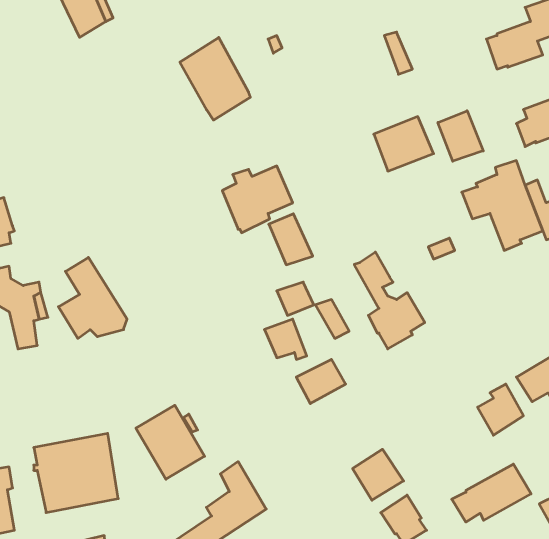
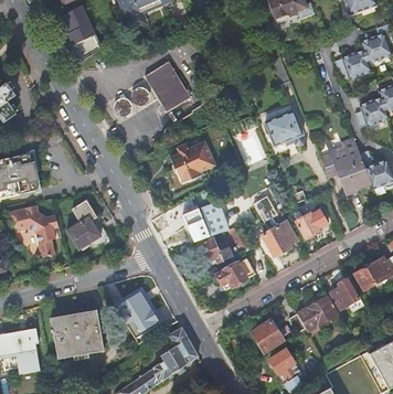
building: [438,111,483,161] -> none
building: [269,214,313,265] -> [183,207,211,239]
building: none -> [296,207,328,236]
building: [452,464,531,522] -> [288,295,338,331]

